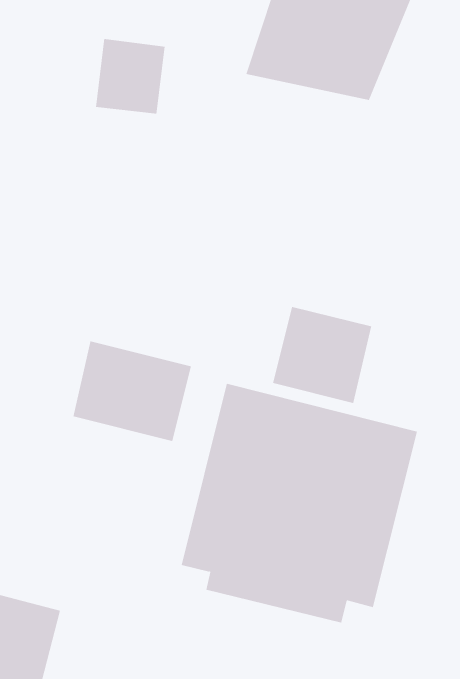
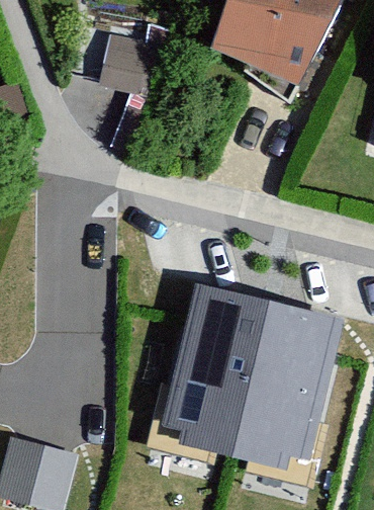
building: [273,306,372,404] -> none
building: [73,341,192,442] -> none

